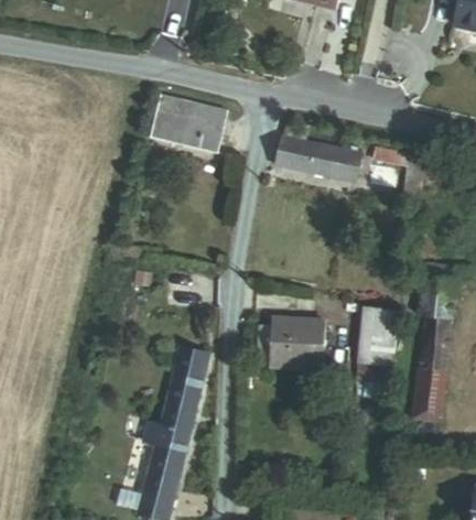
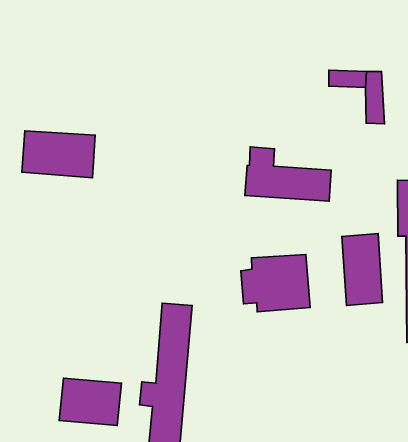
building: [152,96,228,151] -> [22,131,95,178]
building: [277,119,364,183] -> [245,147,331,201]
building: none -> [59,378,122,425]

